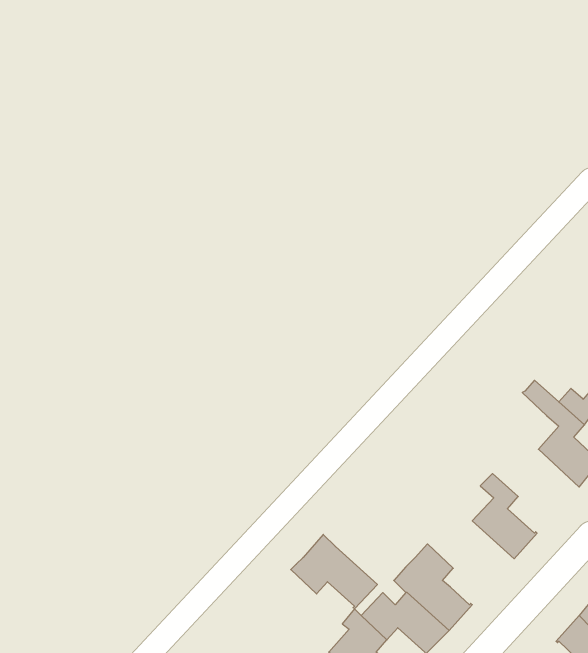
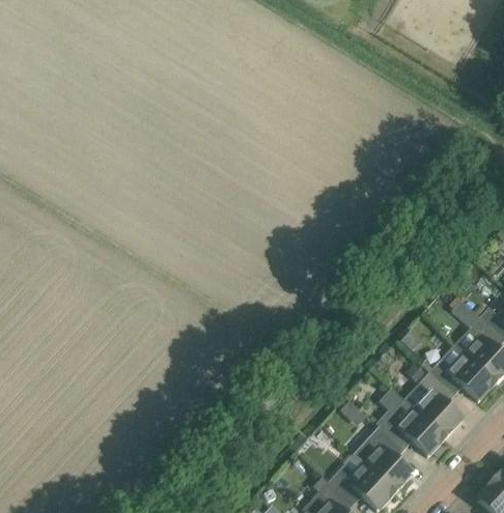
building: none -> [429,344,496,401]
building: [291,534,377,609] -> [380,399,446,456]

